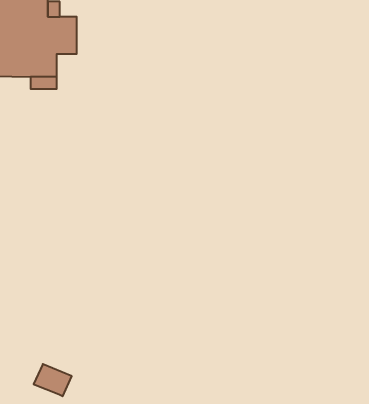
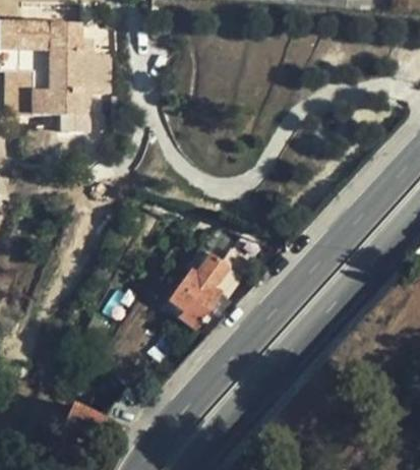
building: none -> [166,250,243,325]

